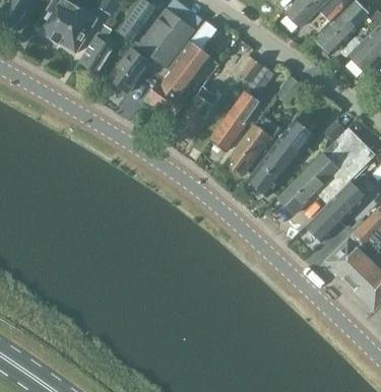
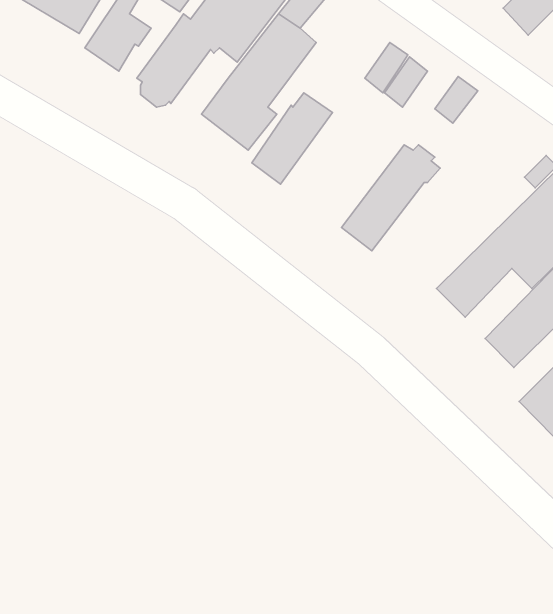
building: [210,89,262,149] -> none
building: [247,119,315,195] -> none

